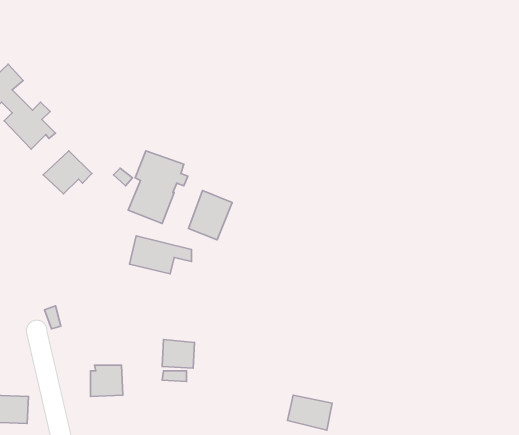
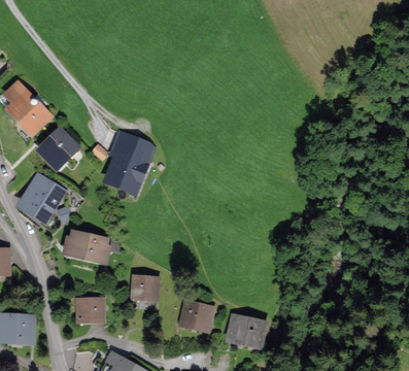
building: [189,190,232,240] -> none
building: none -> [22,176,63,218]
building: [130,236,192,274] -> [70,233,117,262]
building: none -> [182,303,211,328]

